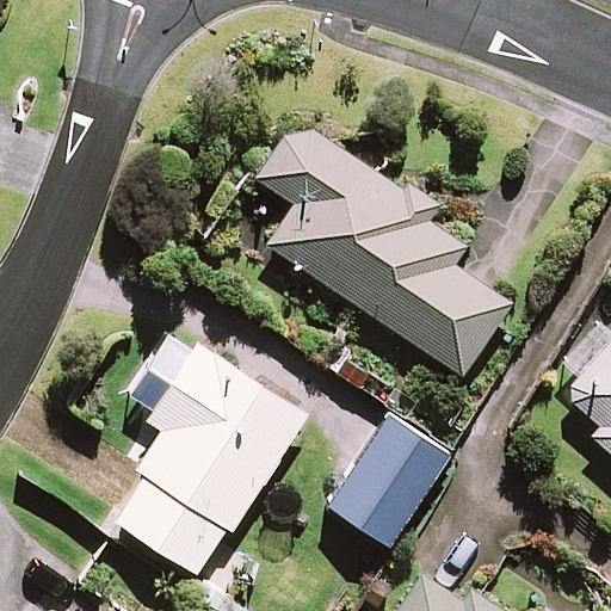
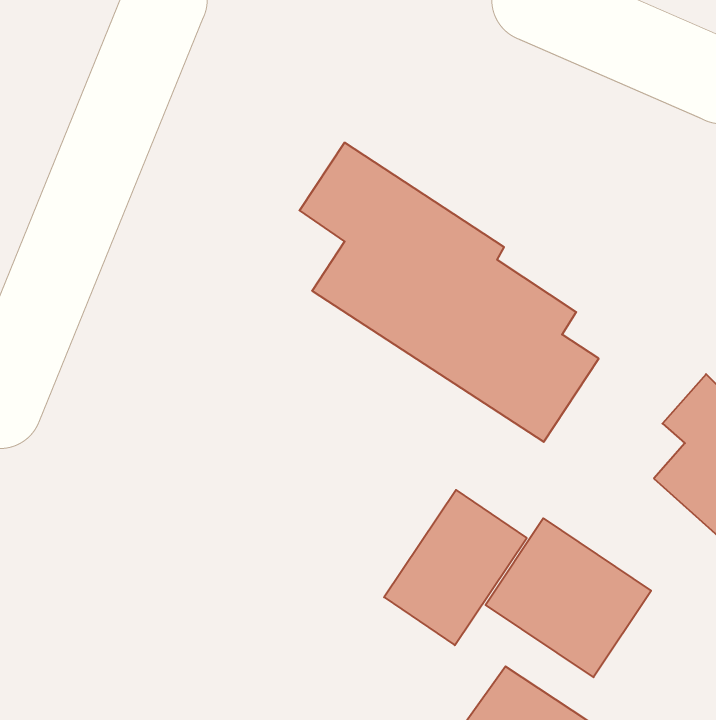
building: [118,346,306,576] -> none
building: none -> [486,518,651,677]

